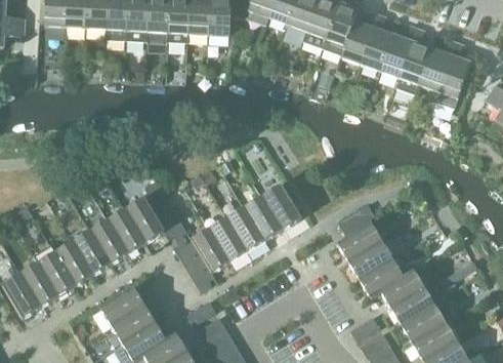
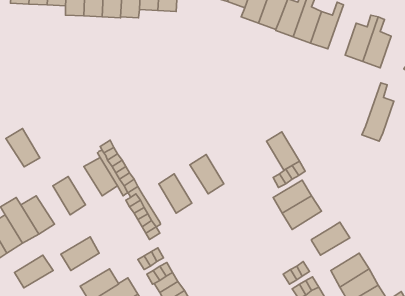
building: [395,28,431,93] -> [362,83,394,141]
building: [263,186,300,229] -> [266,132,299,170]
building: [227,207,265,250] -> none
building: [109,209,146,252] -> none
building: [192,229,229,272] -> none
building: [73,231,111,274] -> [6,128,40,167]
building: [360,259,403,298] -> none
building: [391,289,434,326] -> none
building: [112,307,155,344] -> [15,255,53,288]

